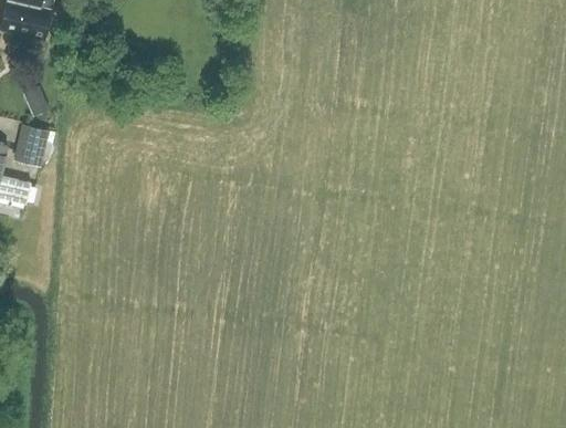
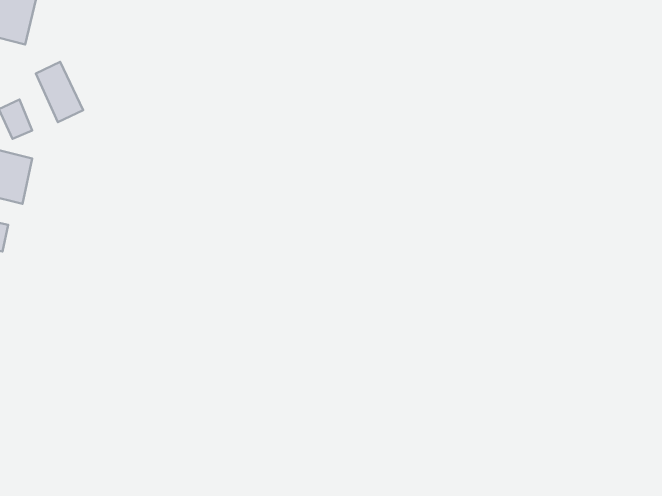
building: none -> [36,62,83,122]

